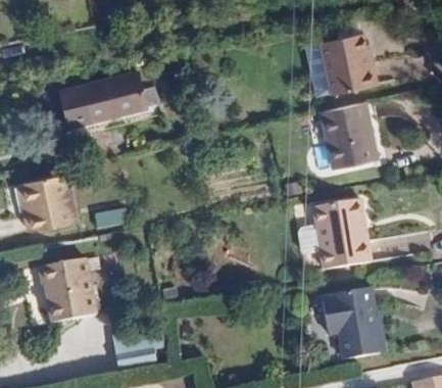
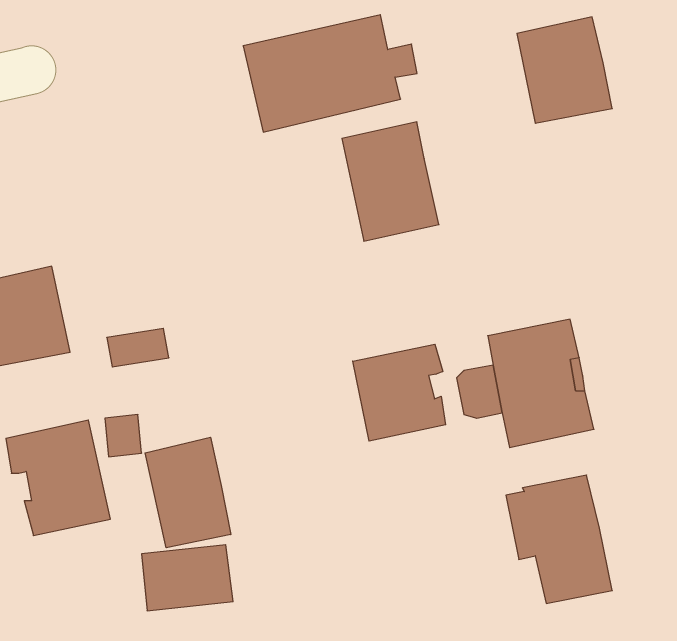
building: [61,69,158,135] -> [243,15,417,132]
building: [323,102,377,168] -> [342,122,439,241]
building: none -> [353,344,446,441]
building: none -> [145,437,231,548]

